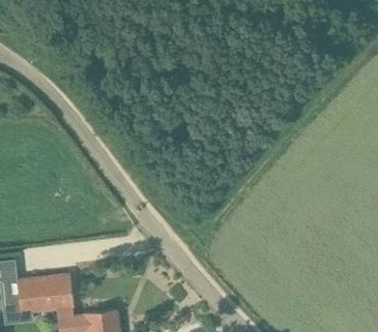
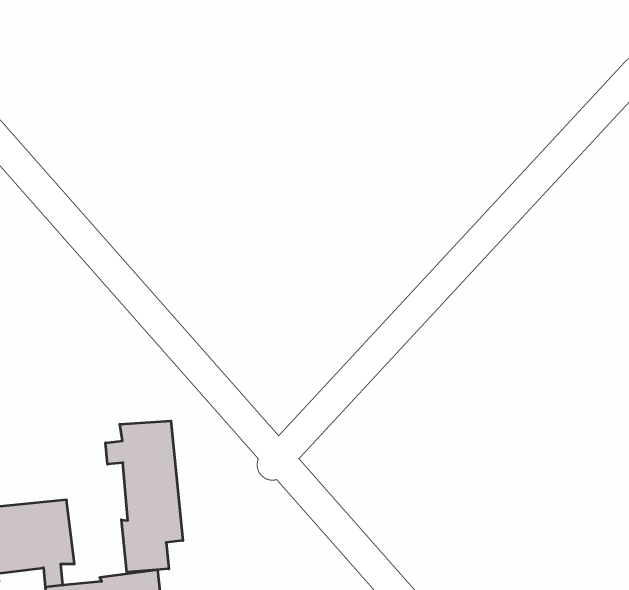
building: none -> [106,421,183,572]

